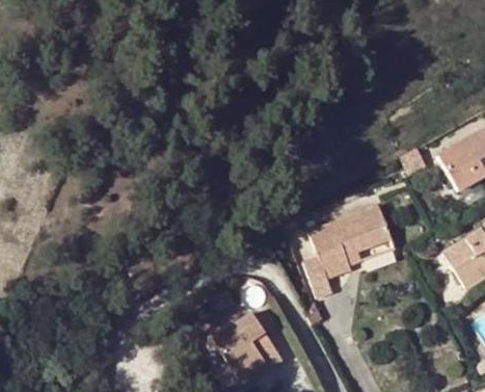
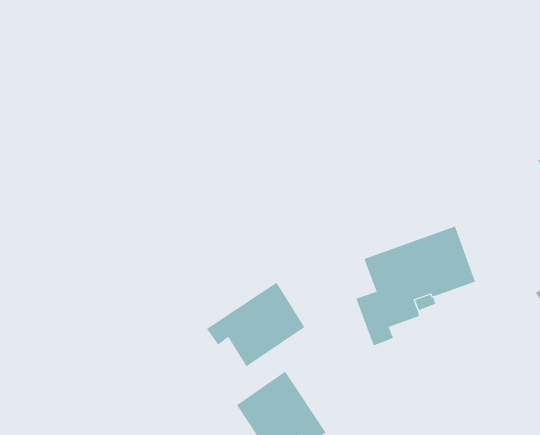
building: none -> [206,282,305,367]

